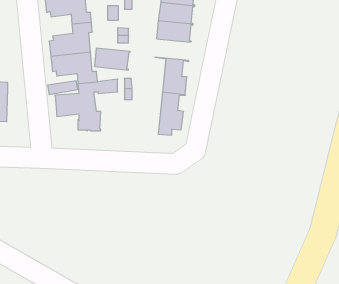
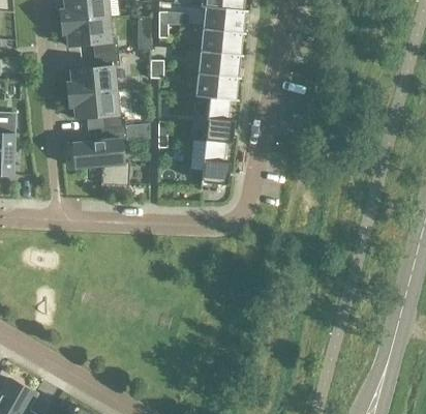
building: [95,48,130,70] -> [194,72,238,99]

